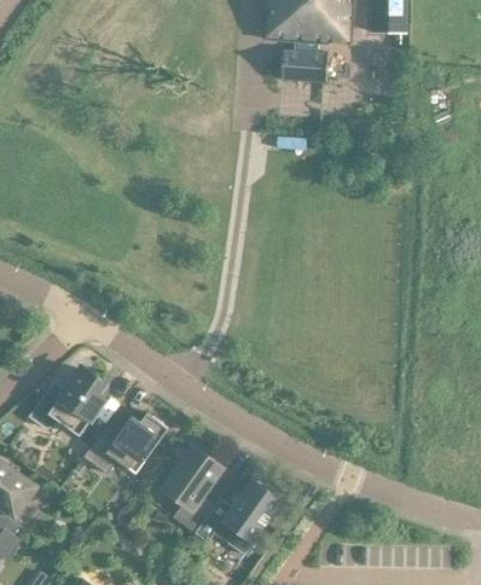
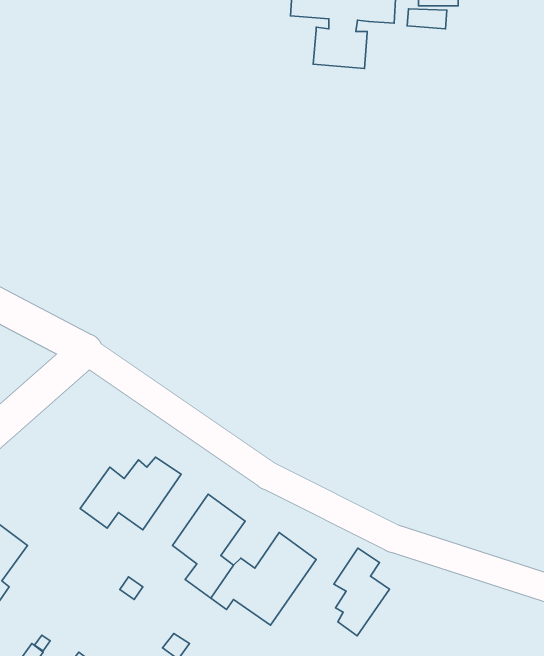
building: [25,369,103,442] -> none
building: none -> [334,548,390,636]

